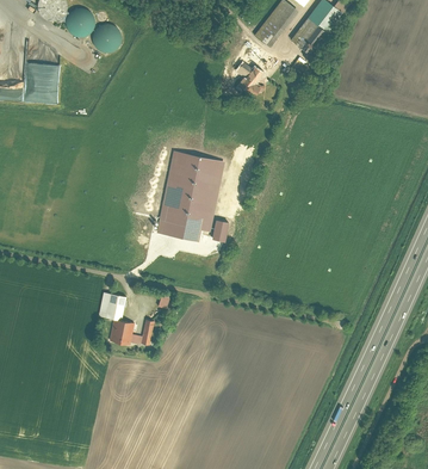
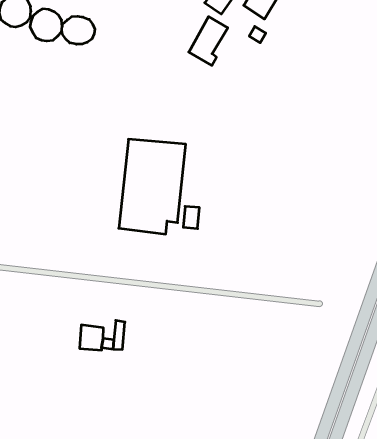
building: none -> [62,16,95,44]
building: [98,291,125,319] -> none

